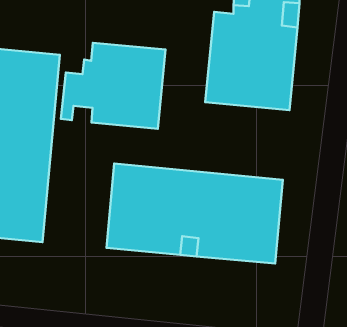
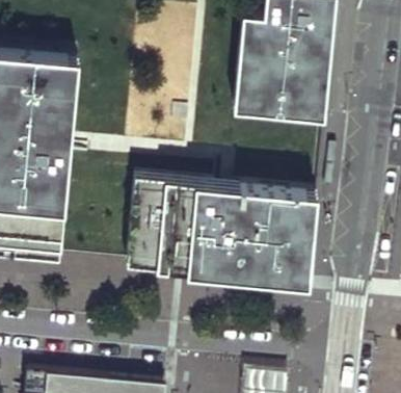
building: [61,43,166,129] -> none

